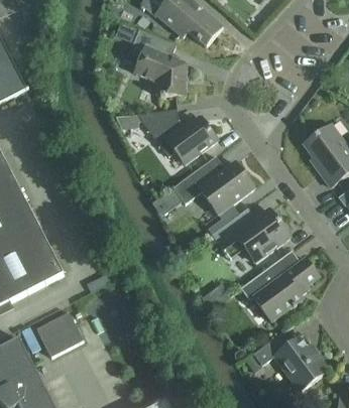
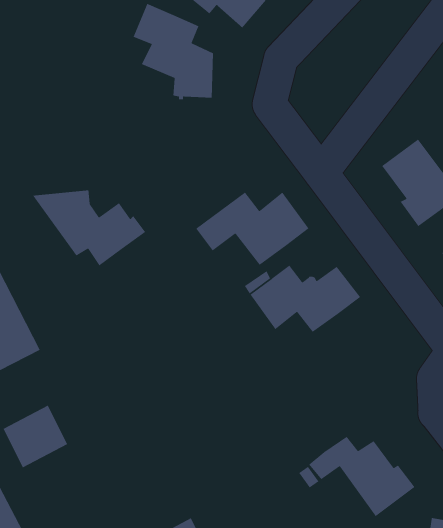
building: [136,109,217,163] -> [32,189,146,267]
building: [240,255,319,320] -> none

